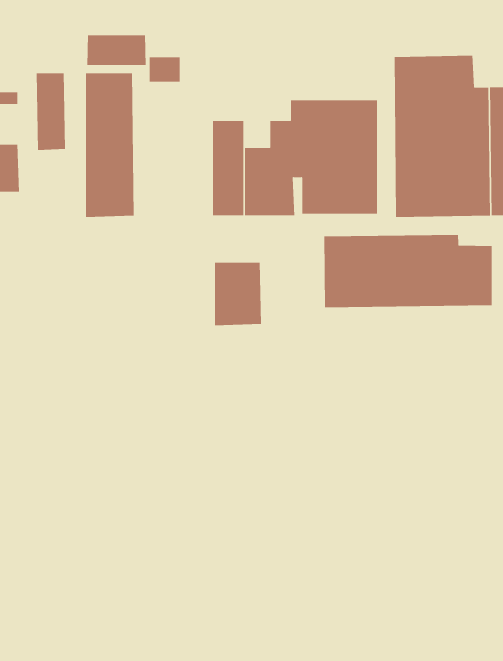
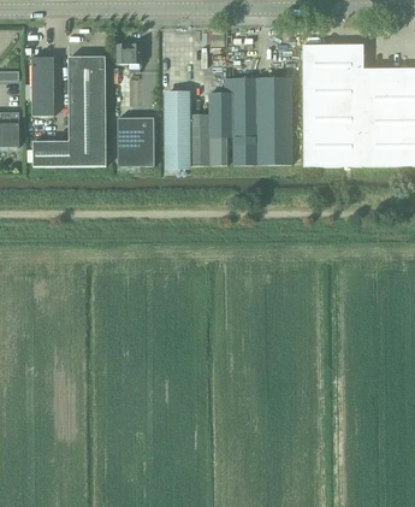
building: [87,34,146,66] -> none
building: none -> [32,141,69,166]
building: [324,234,492,308] -> none
building: [214,262,262,326] -> [118,118,154,166]

